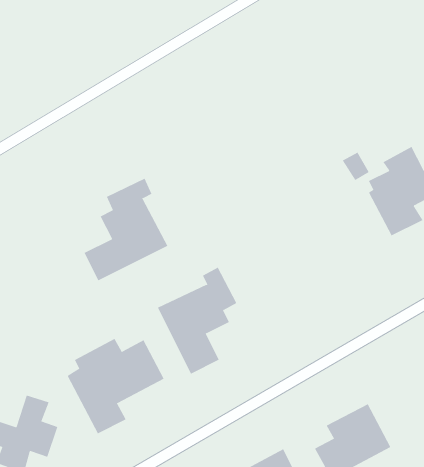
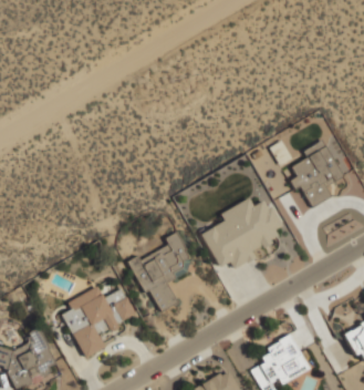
building: [84,178,168,281] -> none
building: none -> [202,198,284,269]

